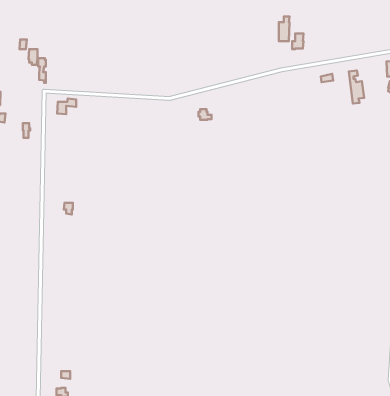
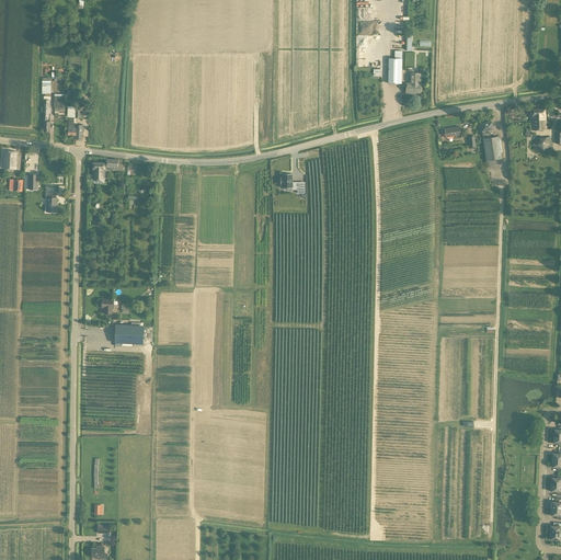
building: none -> [114,325,142,344]

